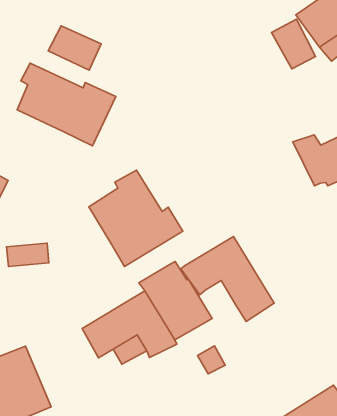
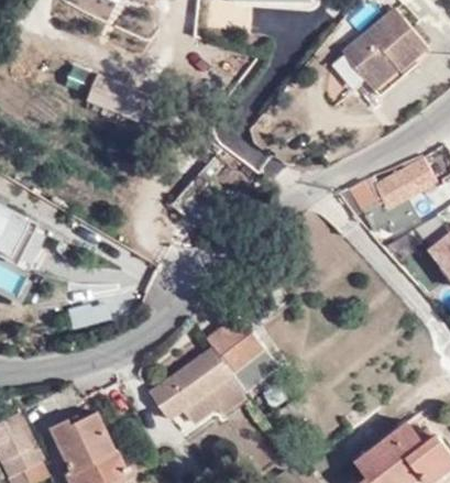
building: [17,63,116,146] -> none
building: [89,170,183,267] -> none
building: [181,236,274,322] -> none

